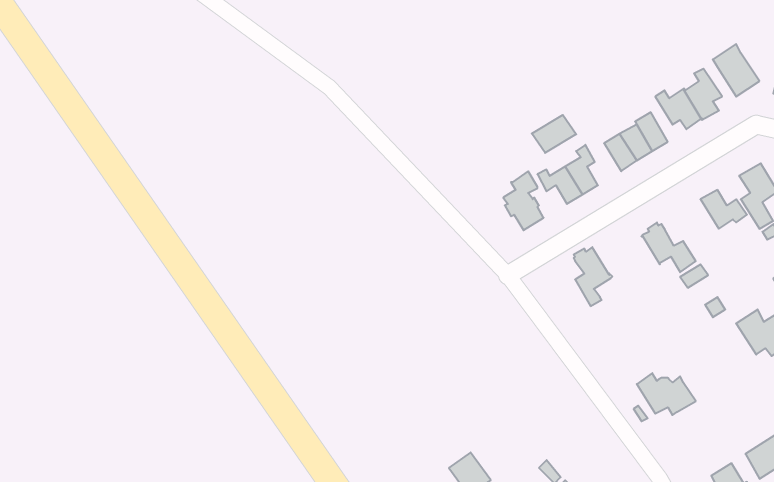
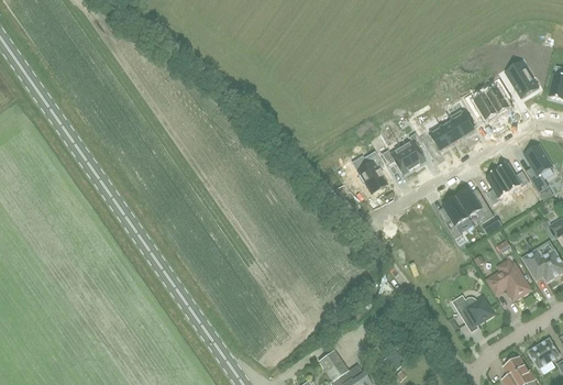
building: [532,115,576,153] -> none
building: none -> [486,171,510,205]
building: [574,247,612,306] -> [443,197,471,239]
building: none -> [487,258,531,300]

